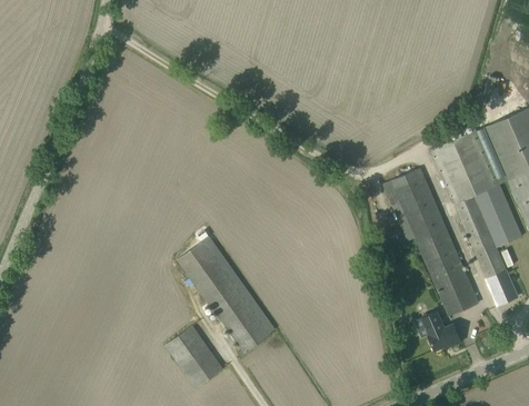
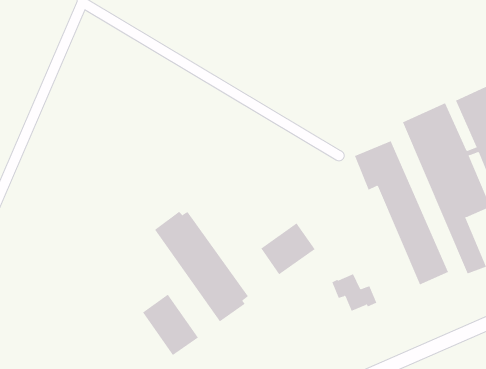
building: none -> [260,222,316,275]
building: [415,311,461,350] -> [332,274,377,312]

